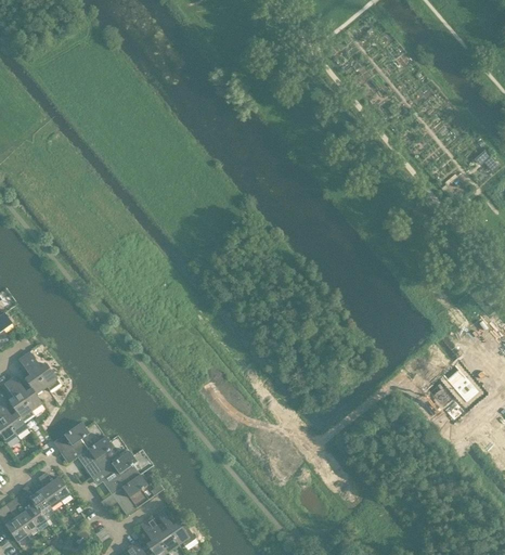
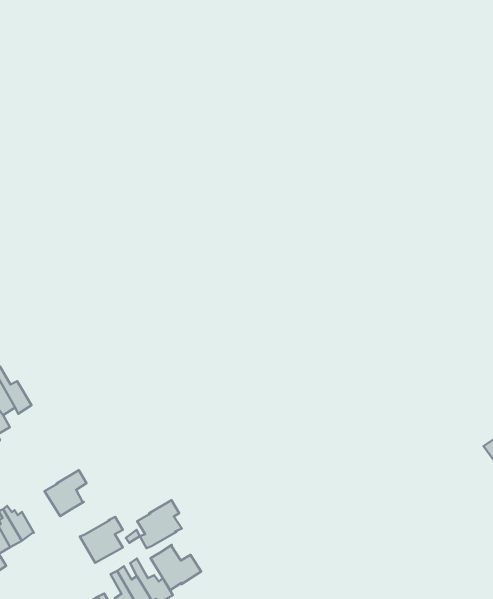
building: [52,422,88,463] -> none
building: [100,450,139,493] -> [137,500,182,548]
building: none -> [151,545,201,590]

